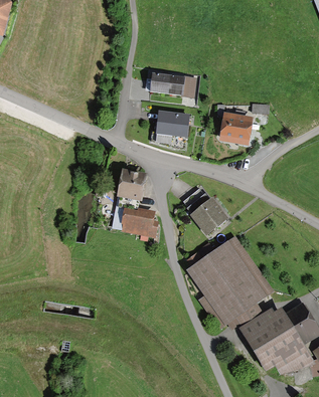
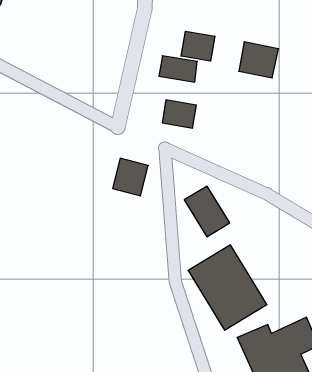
building: none -> [181,31,215,61]
building: [218,112,254,143] -> [239,42,279,78]
building: [121,207,160,235] -> none

